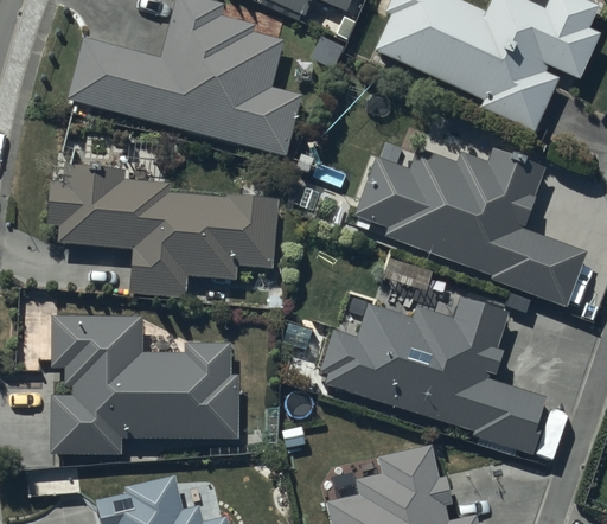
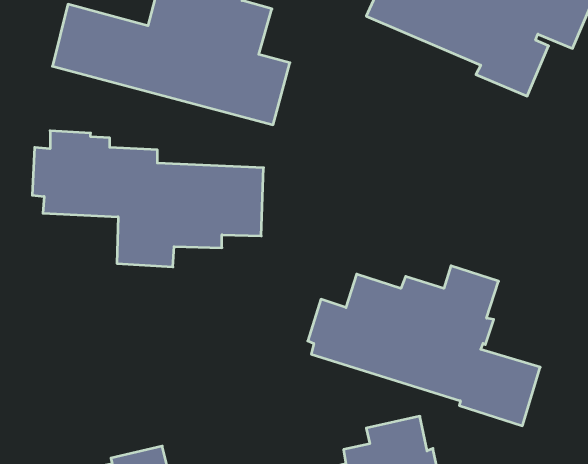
building: [352,148,582,303] -> none
building: [51,315,237,454] -> none

